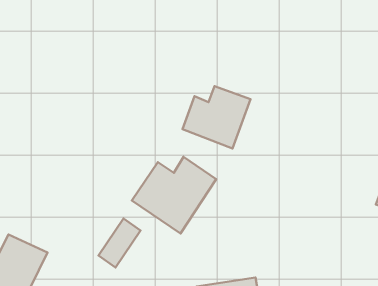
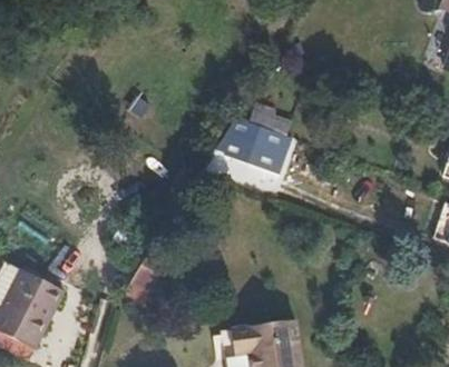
building: [132,157,216,233] -> none

